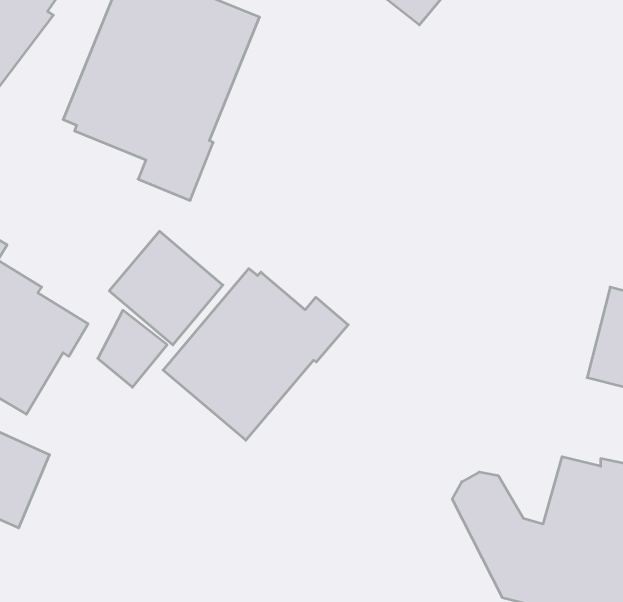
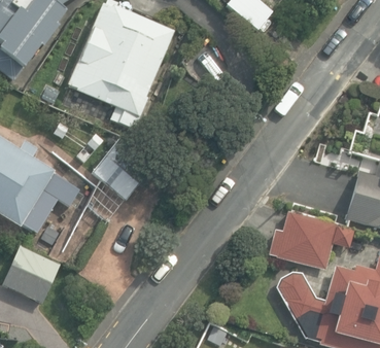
building: [163,269,348,440] -> none
building: none -> [267,208,351,264]

